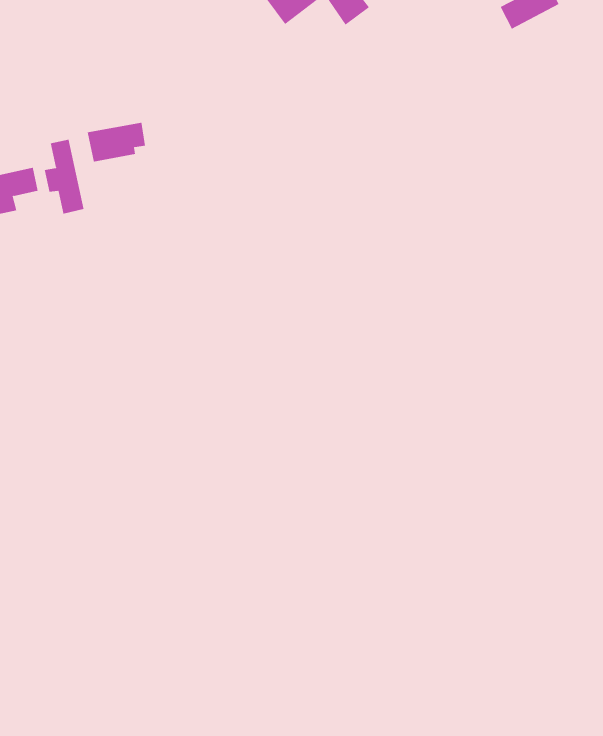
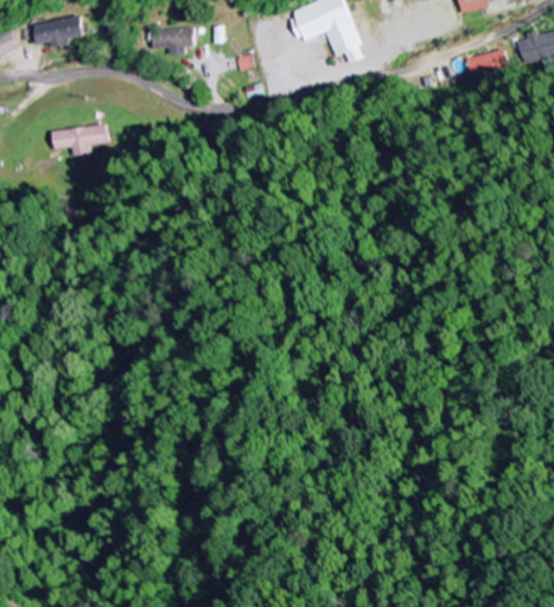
building: [87,122,146,162] -> [151,28,192,52]
building: [44,139,84,214] -> none

